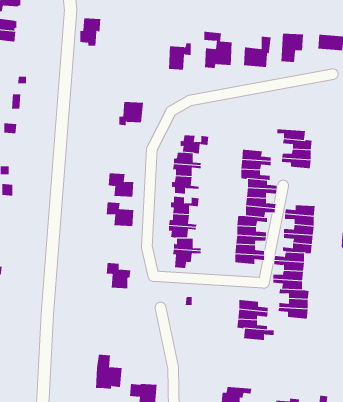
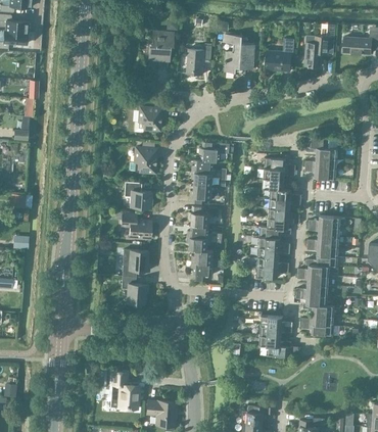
building: [80,18,101,46] -> [150,31,173,60]
building: none -> [130,148,156,173]
building: none -> [123,249,150,277]

